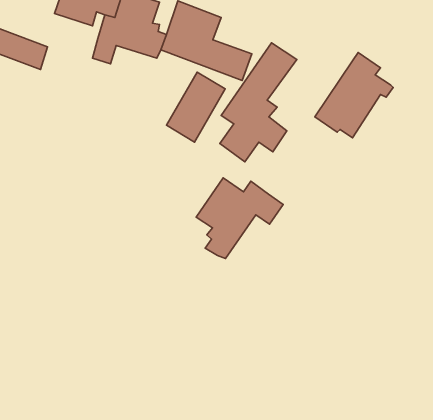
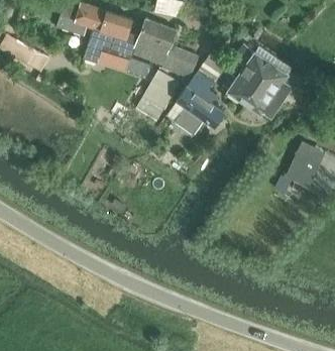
building: none -> [223,44,274,103]
building: [196,178,283,259] -> none
building: none -> [285,152,318,189]

